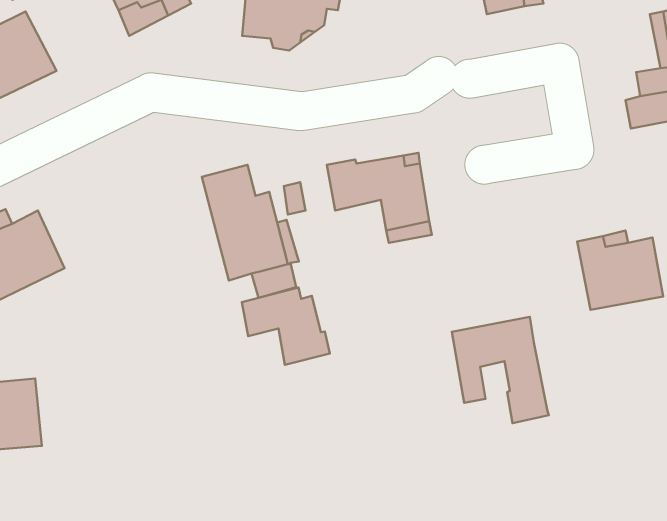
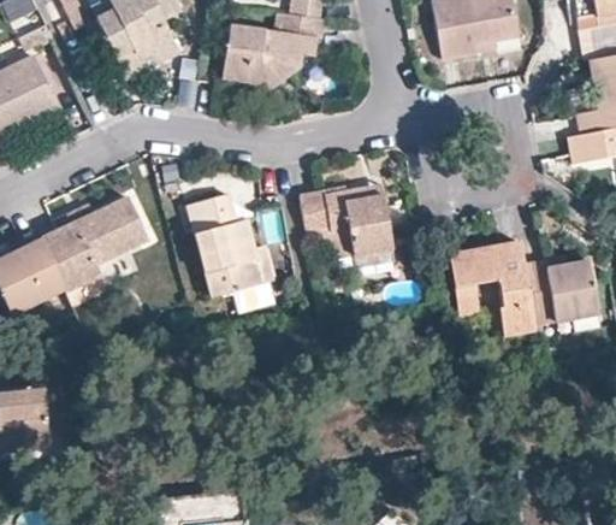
building: none -> [41,194,148,289]
building: [242,287,330,365] -> none
building: [452,317,549,423] -> [450,240,537,335]

